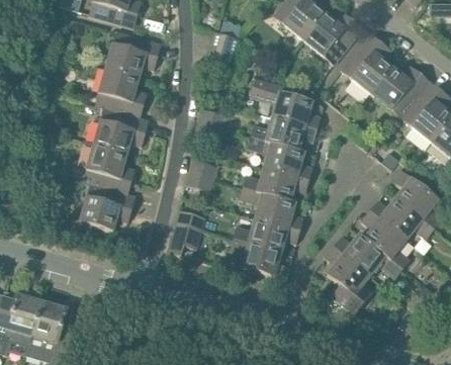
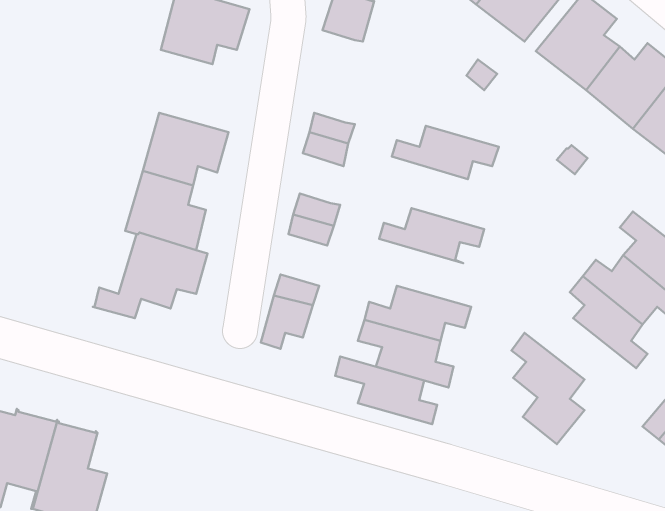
building: [96,69,149,120] -> none
building: [249,79,320,129] -> none
building: [246,135,311,181] -> none
building: [239,187,302,230] -> [335,356,437,424]
building: [333,234,402,277] -> none

